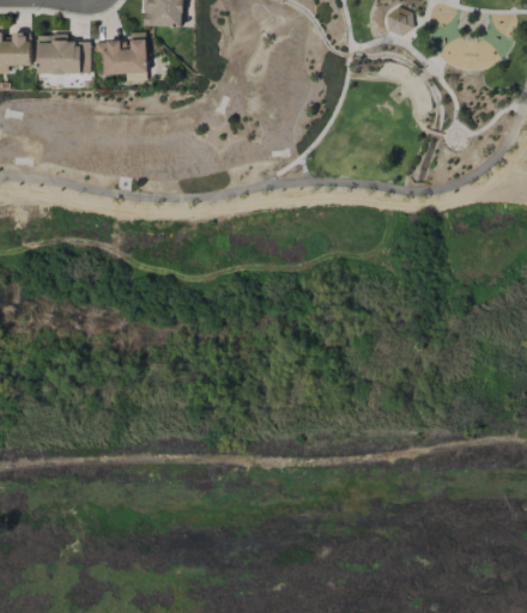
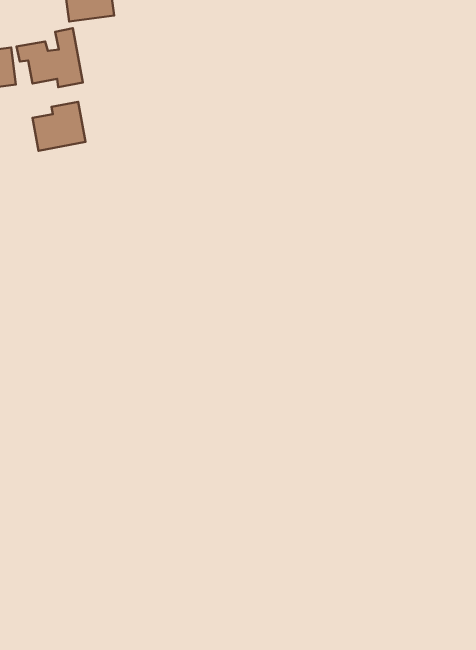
building: none -> [32,102,86,151]

